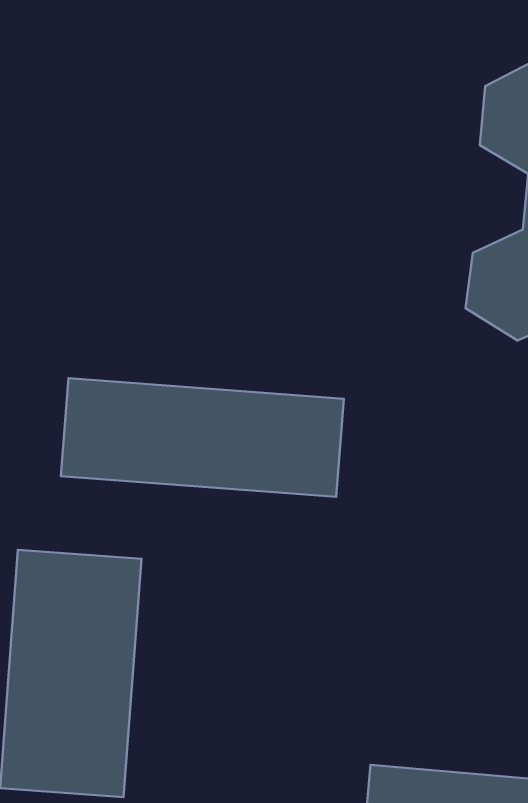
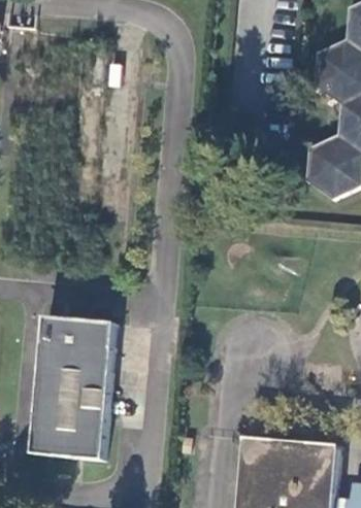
building: [61,378,344,497] -> none

